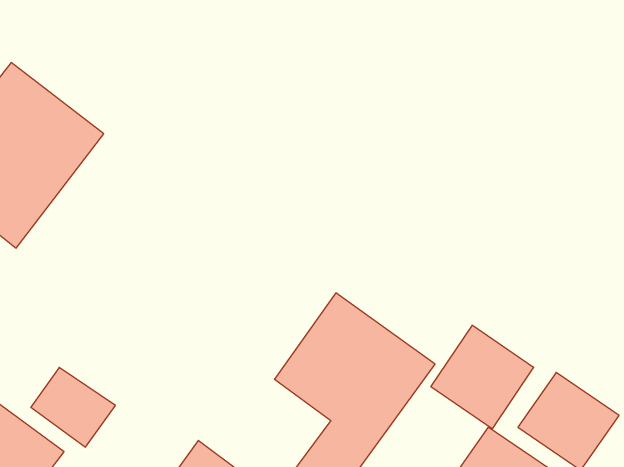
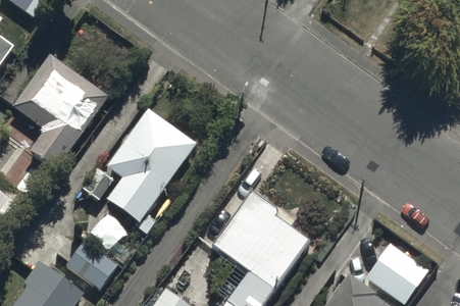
building: none -> [97,109,195,236]
building: [431,325,534,429] -> none

